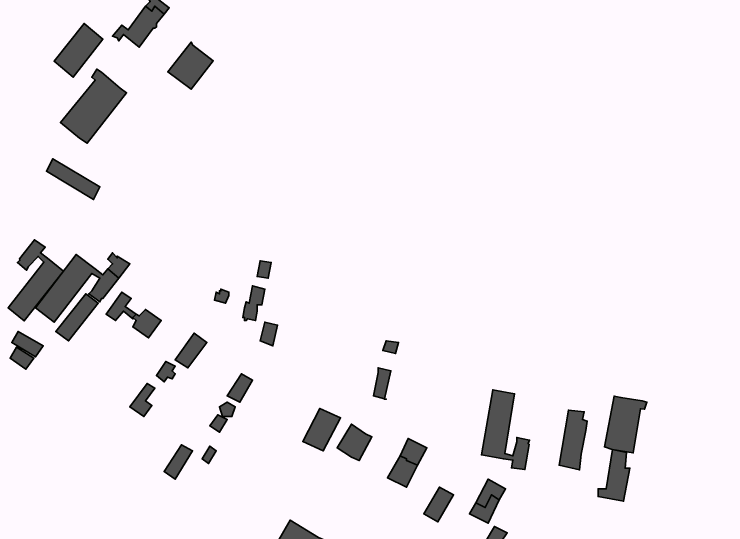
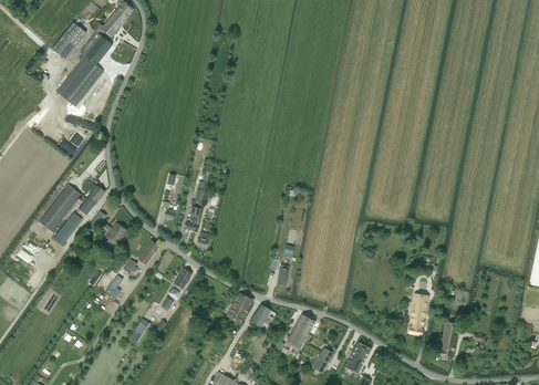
building: [168,42,213,89] -> [80,31,112,64]
building: [8,240,64,321] -> none
building: [482,390,529,469] -> none
building: [605,396,647,453] -> none

